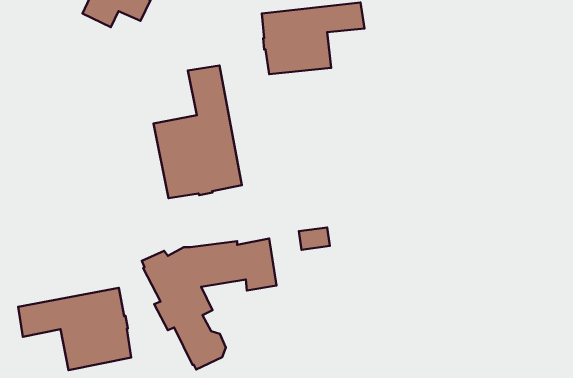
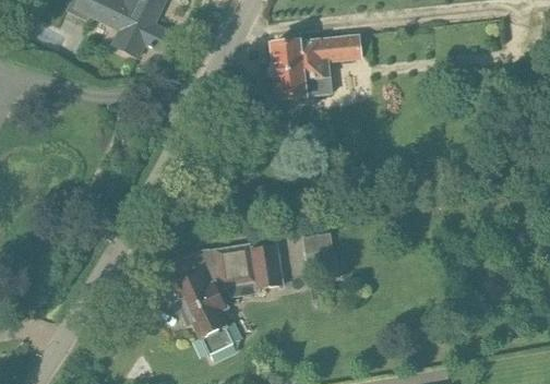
building: [153,65,242,198] -> none
building: [18,288,131,370] -> none

